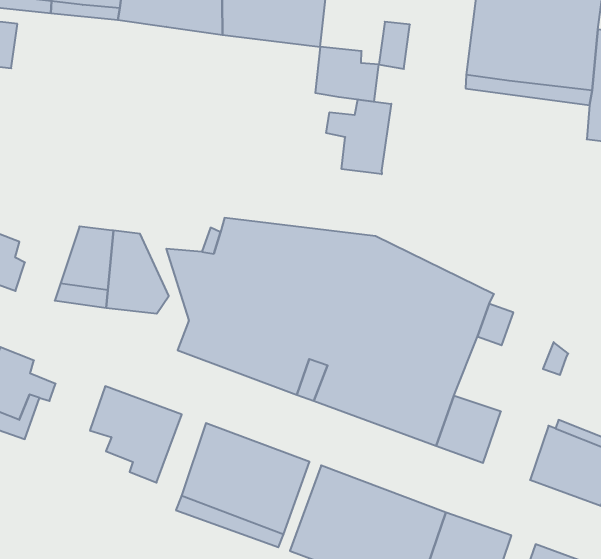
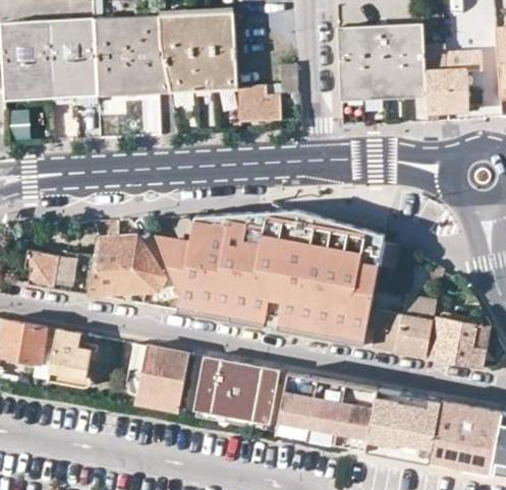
building: [326,99,391,174] -> none
building: none -> [396,294,436,357]
building: none -> [126,375,178,413]

